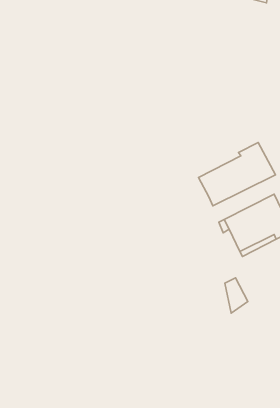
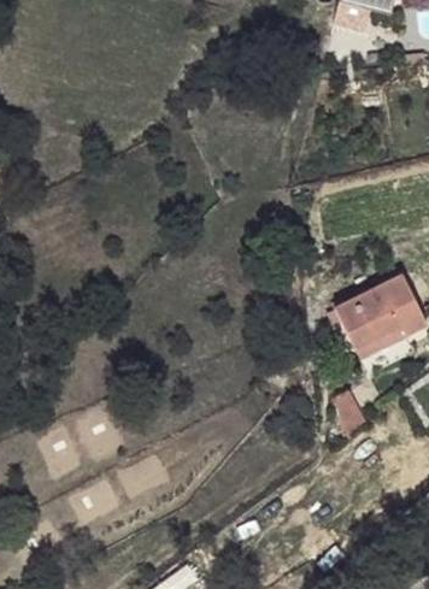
building: [199,143,275,206] -> none

